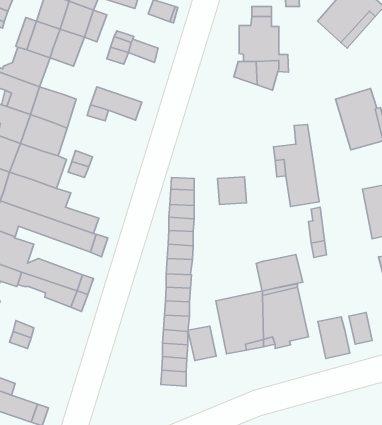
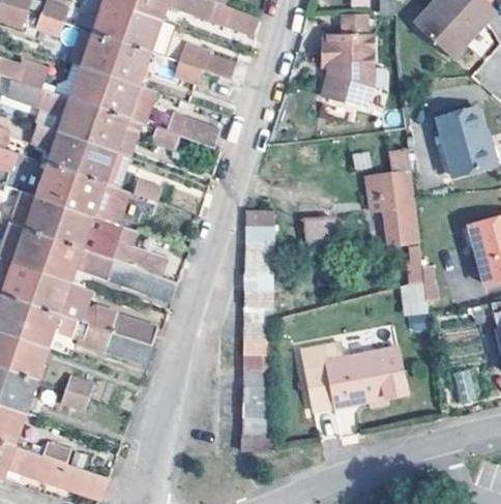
building: none -> [97,73,154,122]
building: [256,254,303,291] -> none
building: [318,317,350,358] -> none
building: [188,326,216,360] -> none

